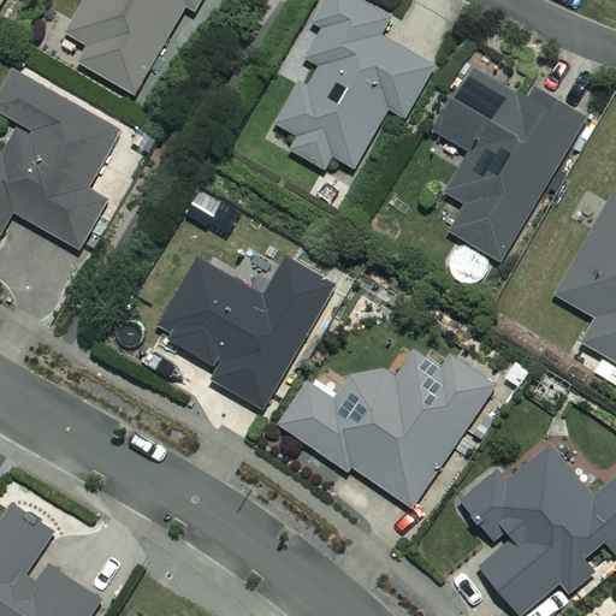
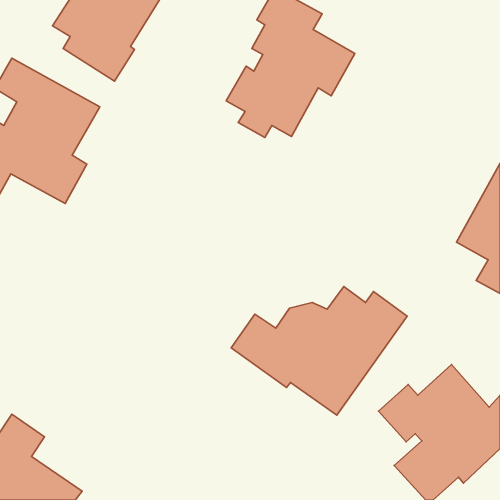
building: [436,69,584,260] -> none
building: [156,259,333,409] -> none

